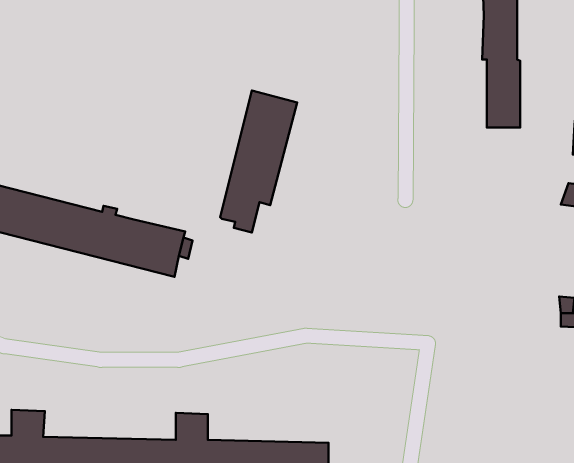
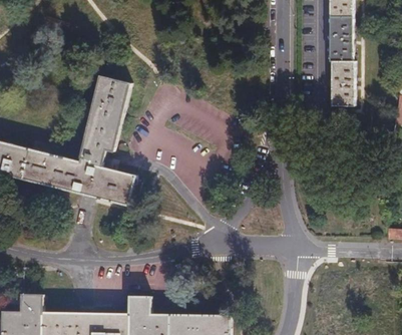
building: [220,90,297,232] -> [79,72,130,166]

